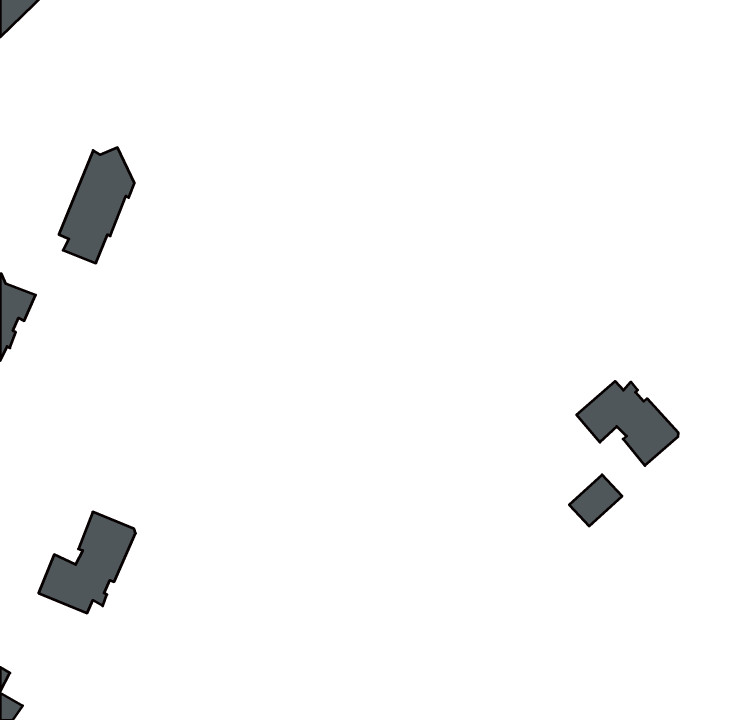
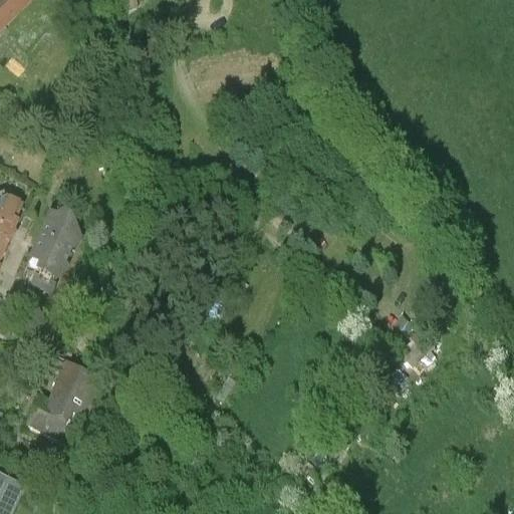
building: [59,148,134,263] -> [24,212,77,293]
building: [577,381,678,466] -> none

